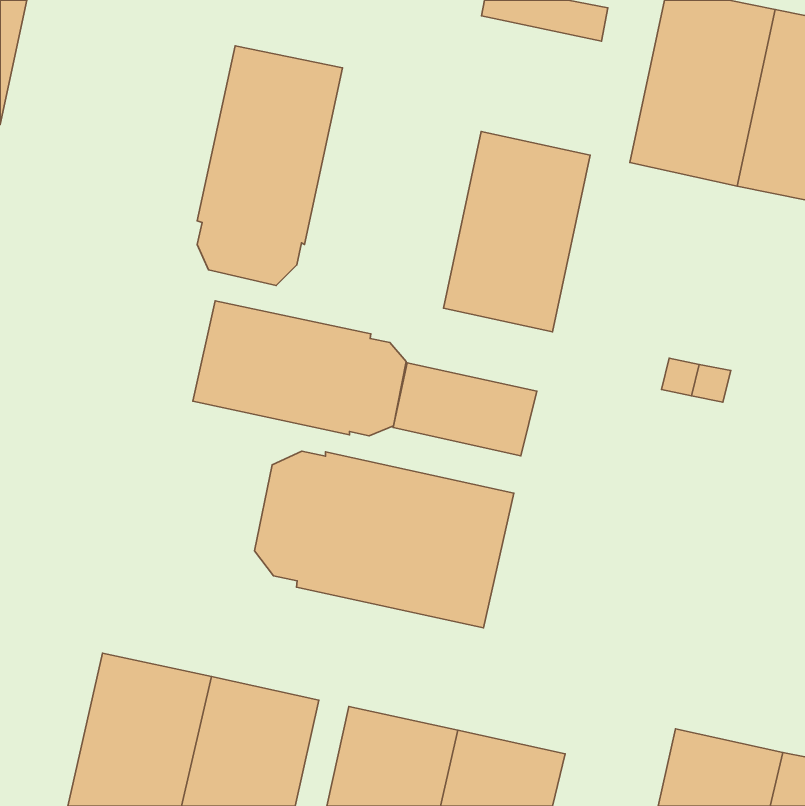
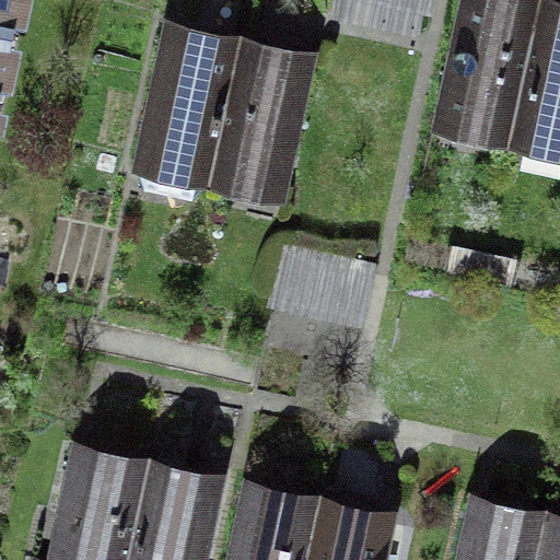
building: [443,131,590,332] -> [212,47,314,186]
building: [193,301,406,436] -> none
building: [255,451,514,628] -> none

